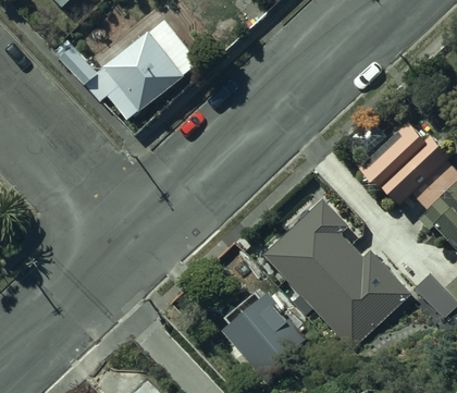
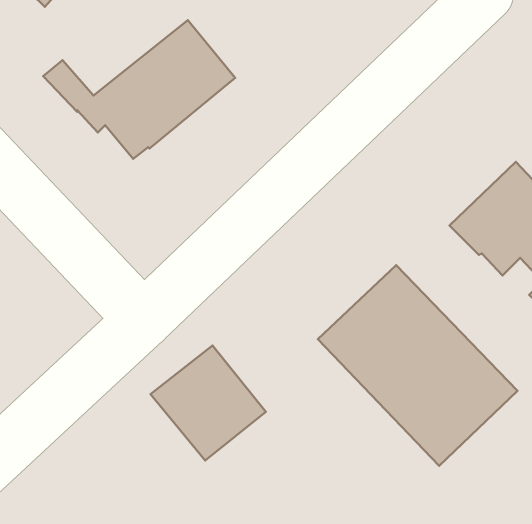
building: [225,292,310,377] -> [151,345,266,461]

